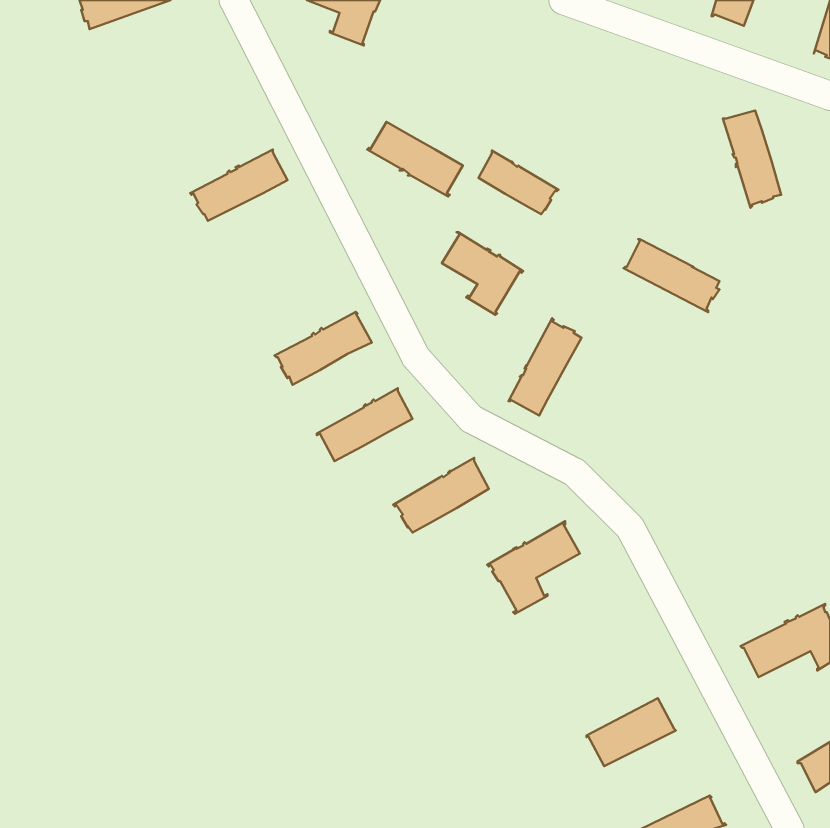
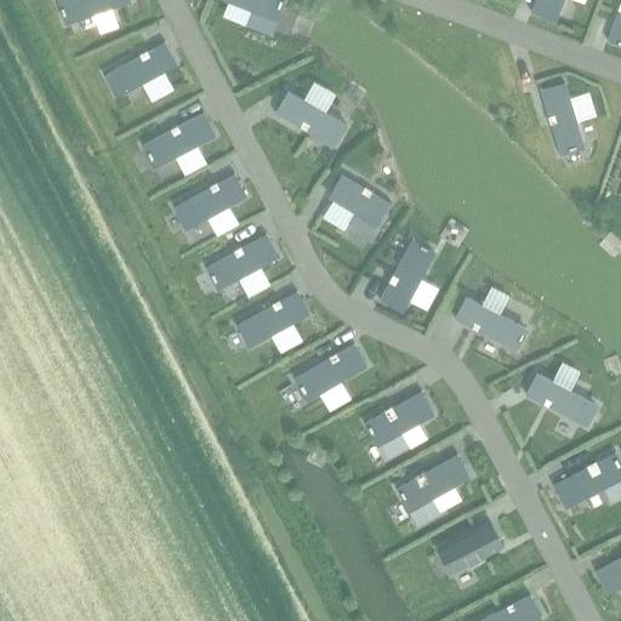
building: none -> [103,42,176,97]
building: [478,151,558,214] -> none
building: none -> [173,173,246,228]
building: [624,239,719,312] -> [454,297,525,352]
building: none -> [525,372,596,427]
building: none -> [395,454,468,525]

